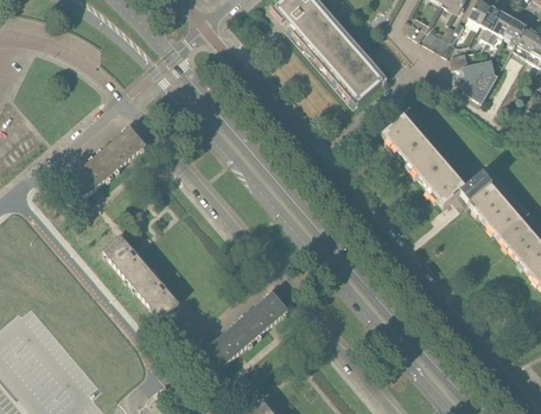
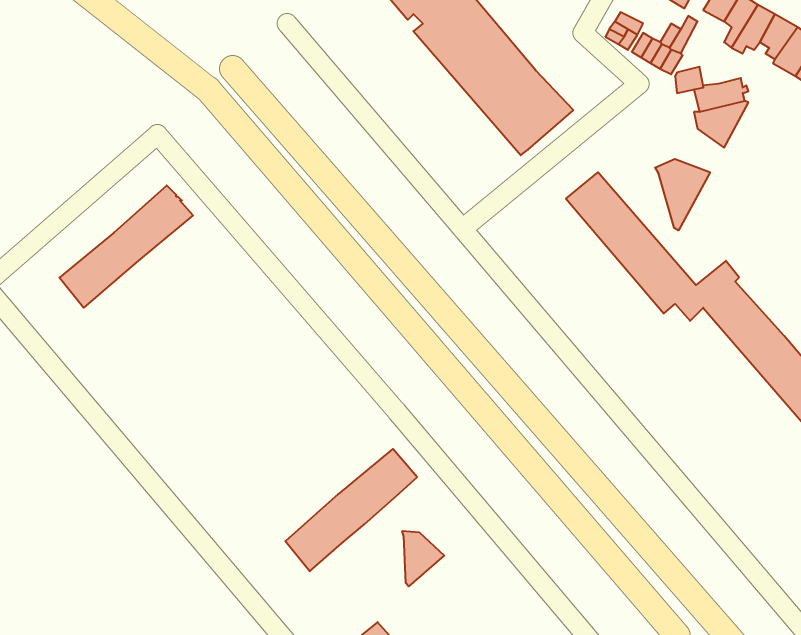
building: none -> [655,159,710,230]
building: [103,235,180,318] -> none
building: none -> [402,531,444,586]

